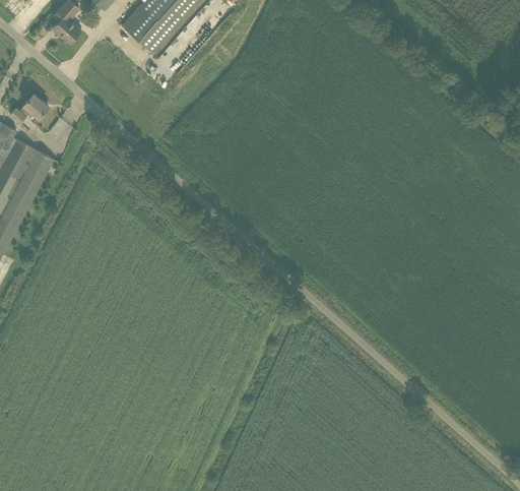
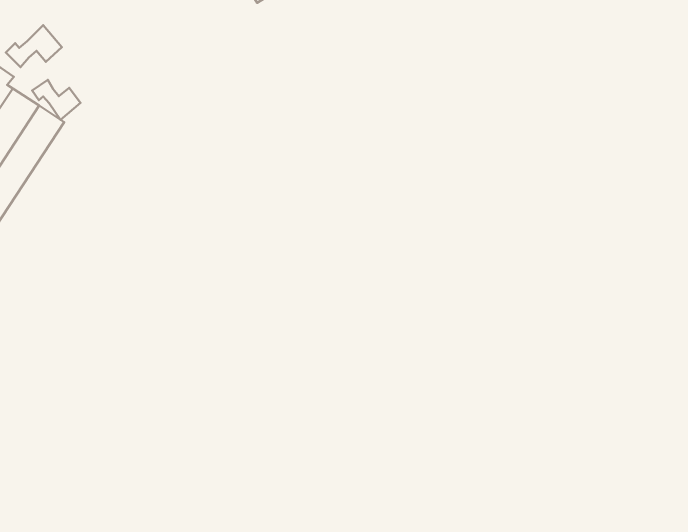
building: none -> [32,80,80,120]

